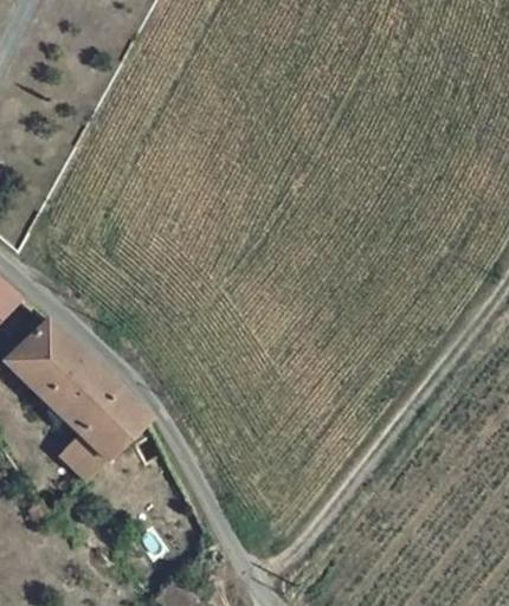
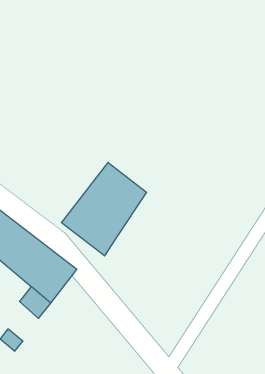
building: none -> [61,162,147,256]

